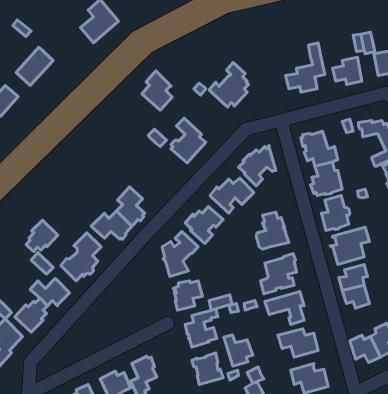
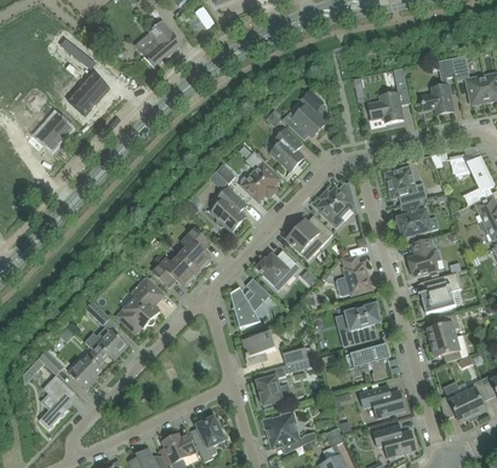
building: [142,71,172,110] -> [269,127,303,171]
building: none -> [210,187,246,230]
building: [26,220,58,251] -> none
building: [224,335,253,366] -> none

